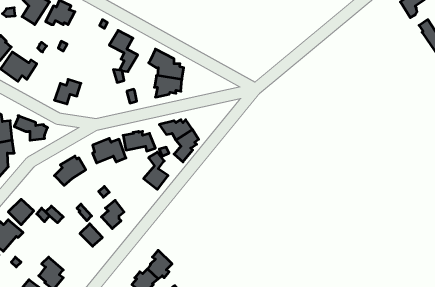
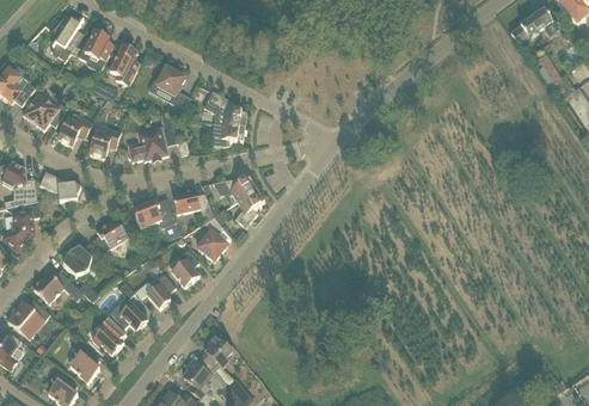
building: none -> [109,43,140,84]
building: none -> [57,111,92,143]
building: none -> [128,125,167,159]
building: none -> [63,246,92,275]
building: none -> [171,247,198,285]
building: none -> [92,315,125,353]

